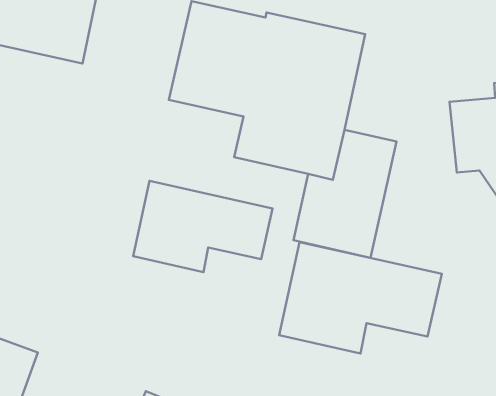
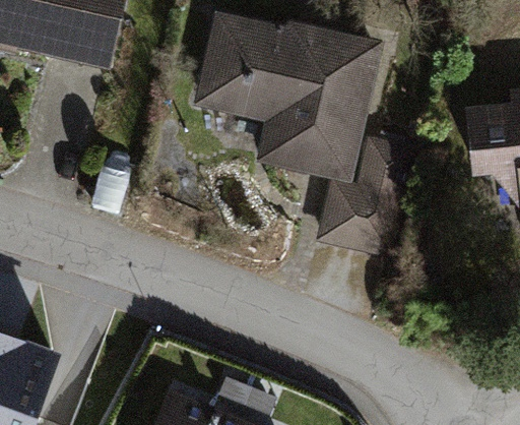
building: [133,181,273,272] -> none
building: [279,242,442,354] -> none

